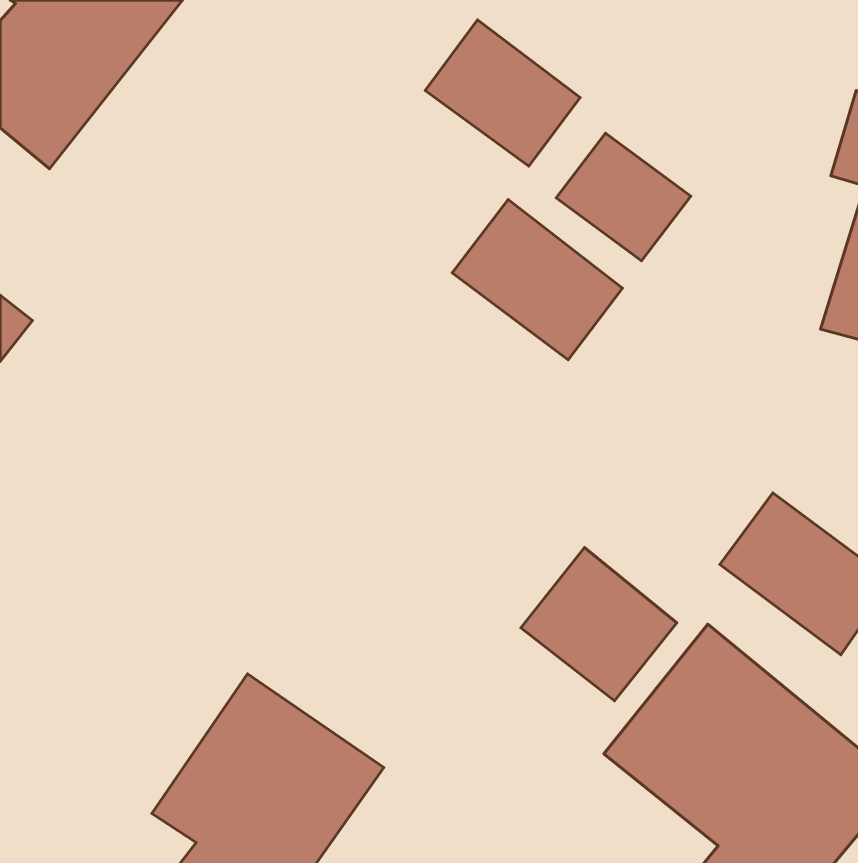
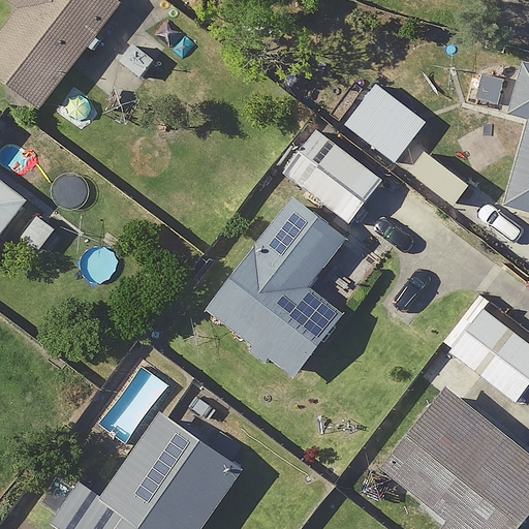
building: [425,20,580,166] -> none
building: none -> [207,196,343,378]
building: [521,547,677,701] -> none

